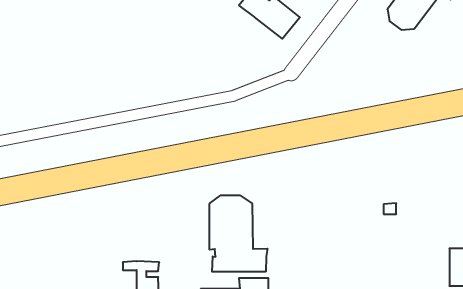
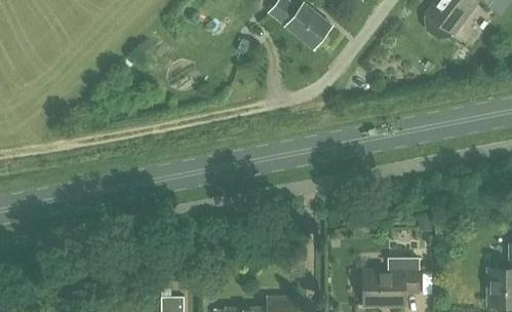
building: [210,195,267,272] -> none
building: none -> [366,257,421,305]

